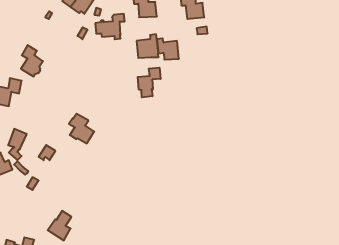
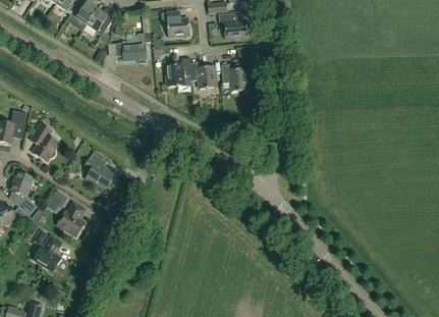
building: none -> [221,63,248,91]
building: [21,45,43,76] -> [32,123,58,161]
building: [138,68,161,97] -> none
building: none -> [56,202,85,236]
building: [48,211,71,240] -> [33,235,61,271]

